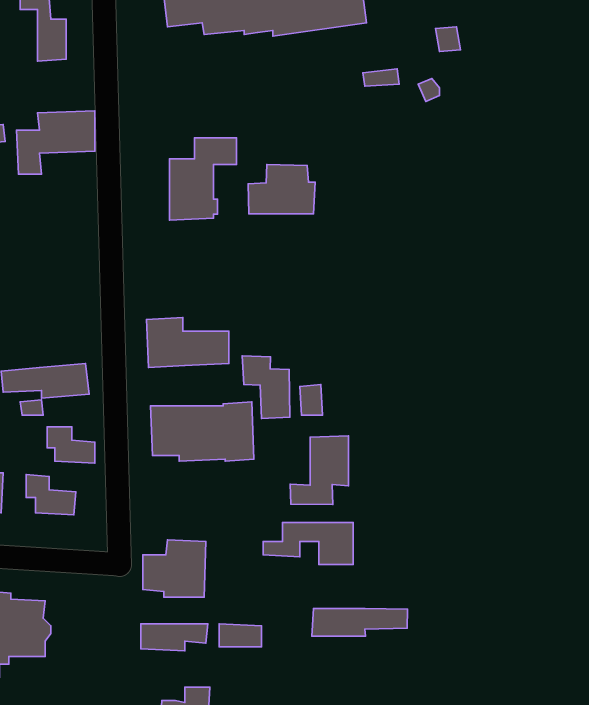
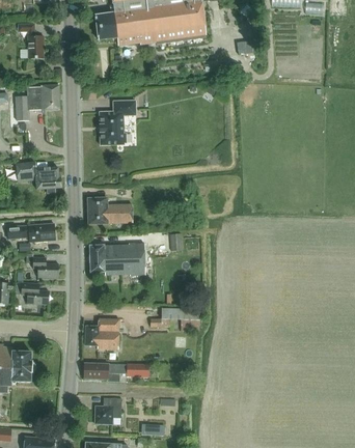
building: [248,165,315,214] -> none
building: none -> [18,162,62,194]
building: [242,356,290,419] -> none
building: [290,436,349,505] -> none
building: [312,609,408,636] -> none

